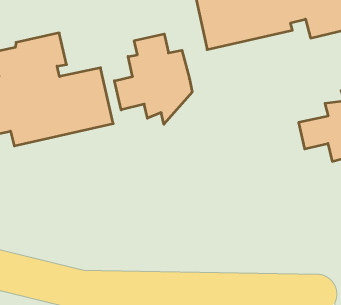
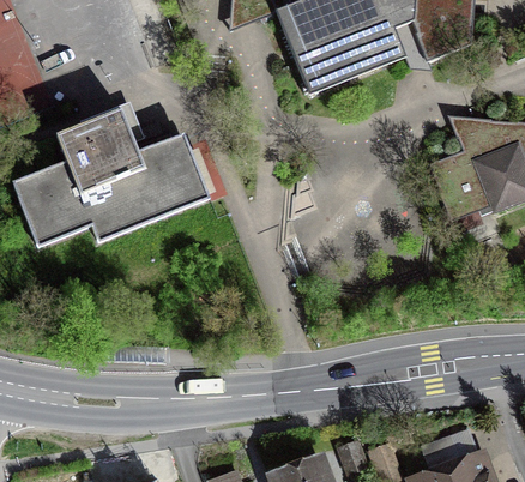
building: [114,34,192,124] -> none

